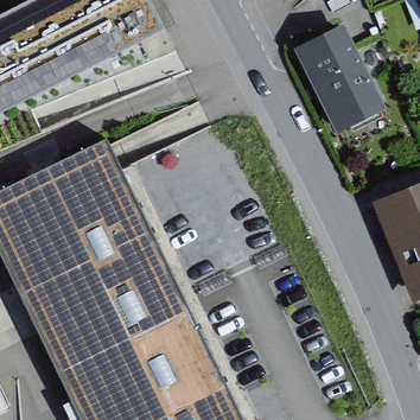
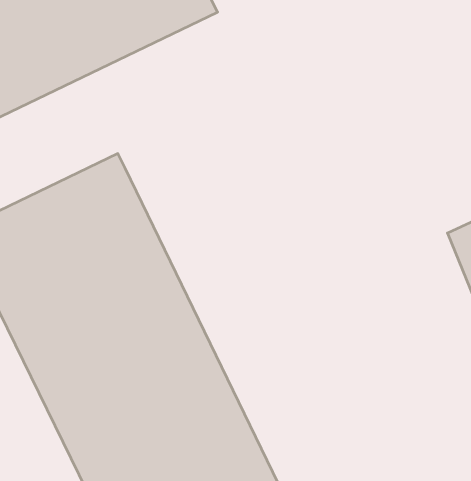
building: [295,28,381,128] -> none

